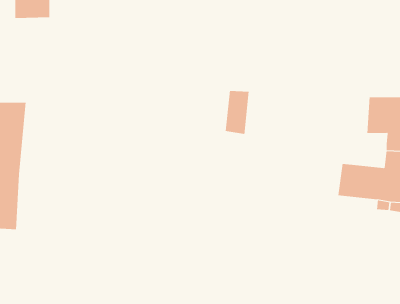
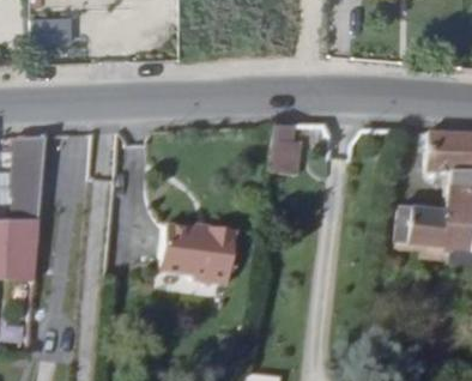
building: none -> [157,225,235,296]

